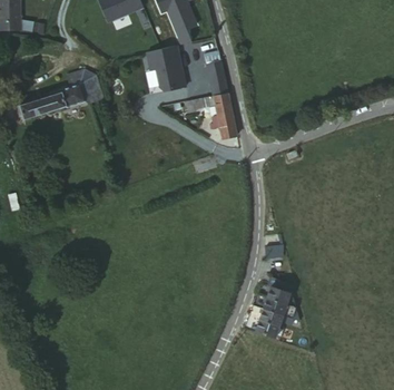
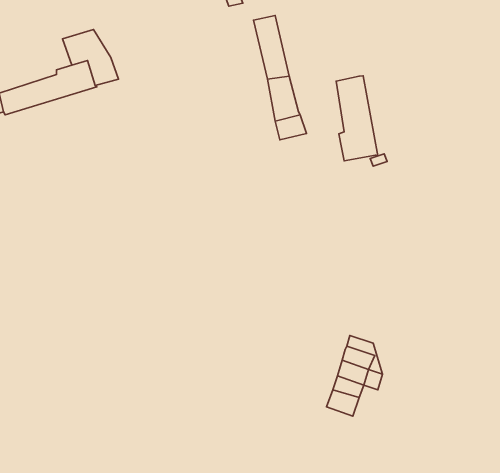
building: [148,45,187,91] -> none
building: none -> [336,76,378,161]

